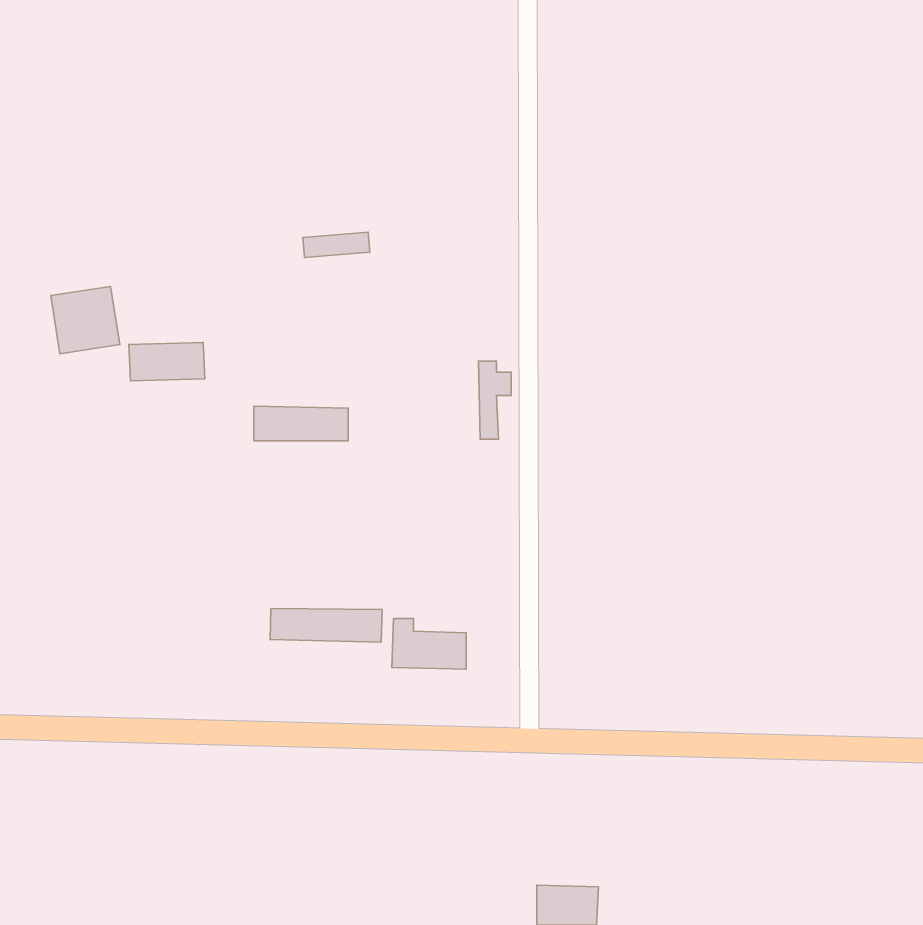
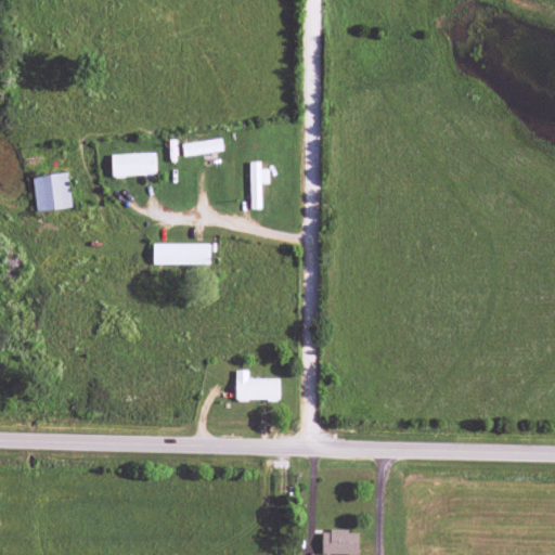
building: [129,343,205,381] -> [112,153,157,176]
building: [478,361,511,439] -> [250,162,270,208]
building: [270,608,382,642] -> none

